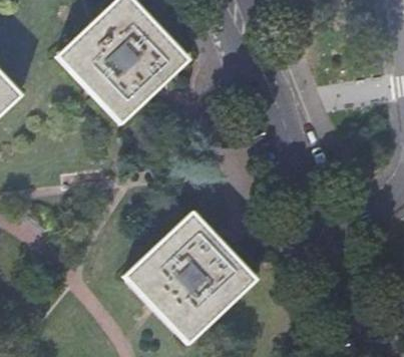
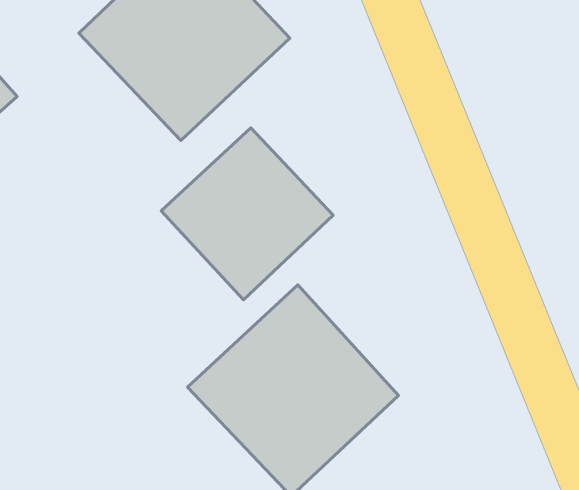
building: none -> [161,128,333,300]

